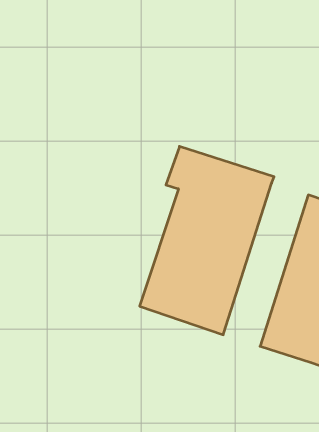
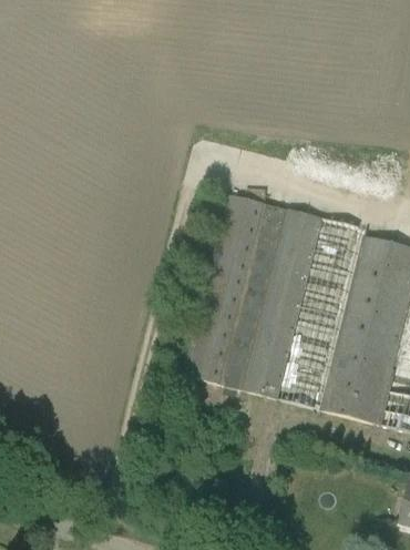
building: none -> [279,225,363,409]

